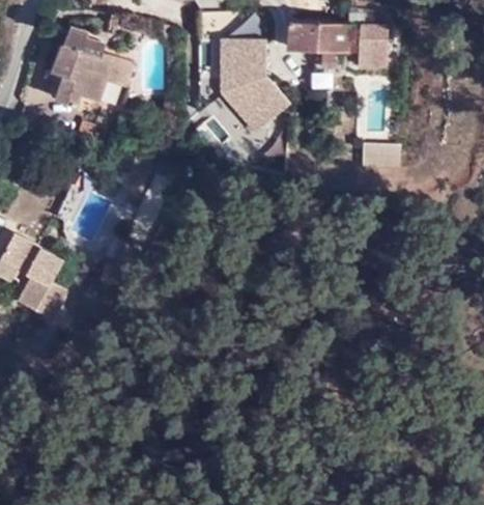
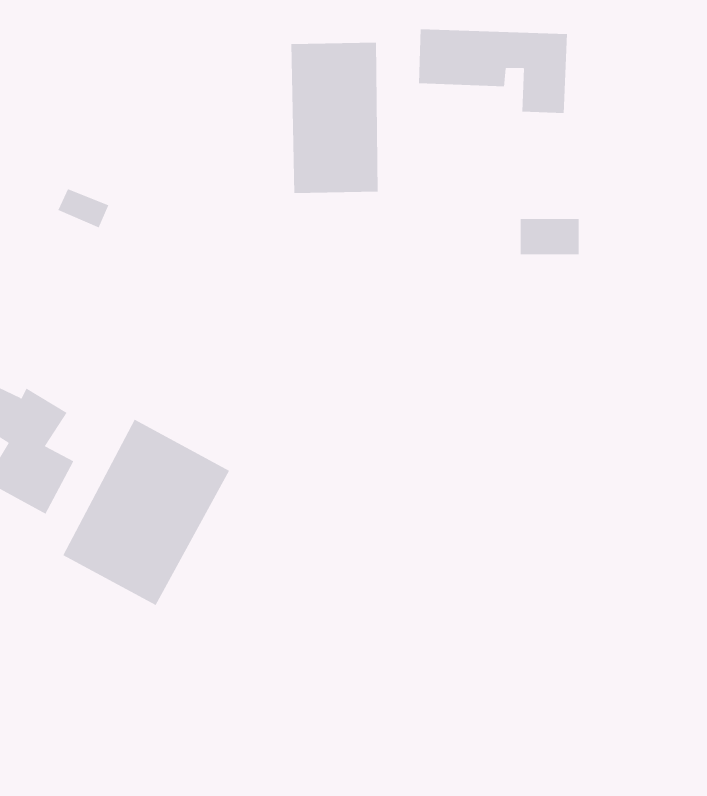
building: [48,22,130,104] -> none
building: none -> [62,419,230,606]

